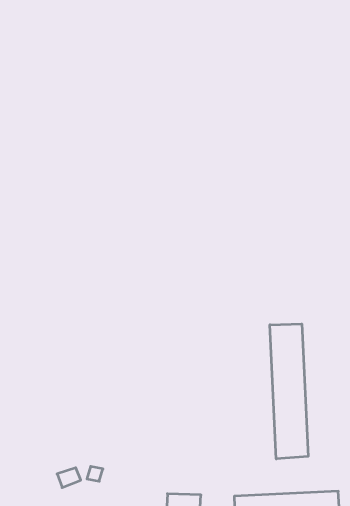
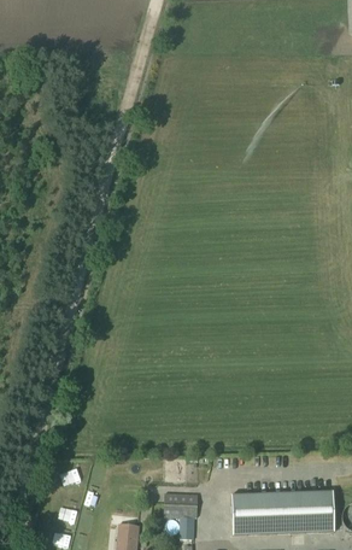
building: [270,324,308,459] -> none

